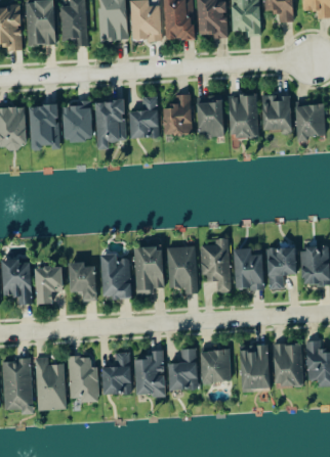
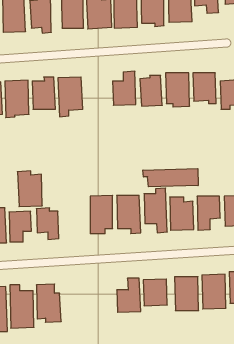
building: [128,96,158,138] -> none
building: none -> [143,169,198,187]
building: [99,254,130,298] -> [17,171,42,207]
building: [134,351,164,397] -> none
building: [101,352,130,394] -> none

